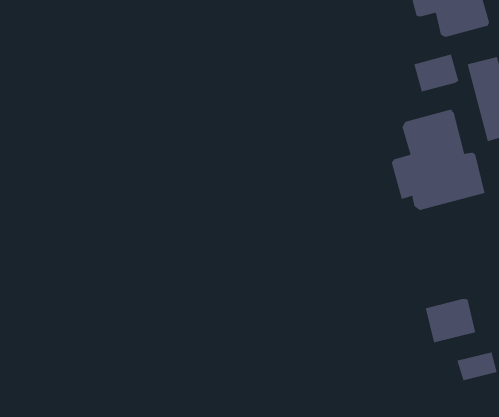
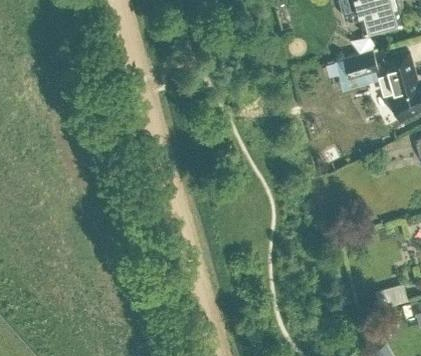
building: [391,109,485,211] -> none
building: [425,298,476,343] -> none

